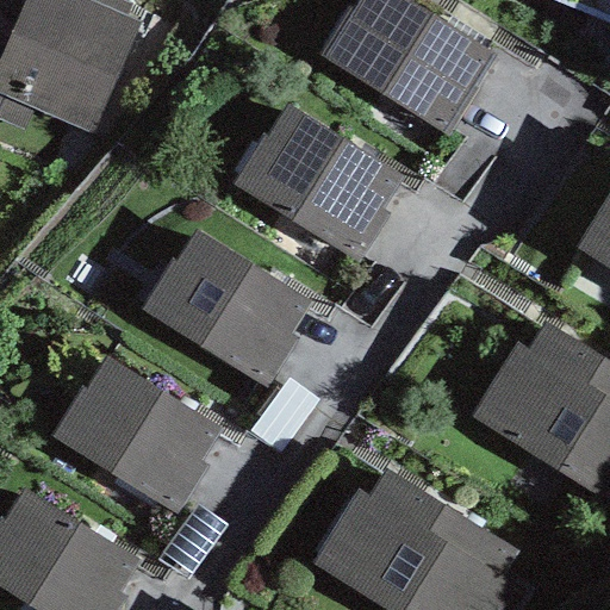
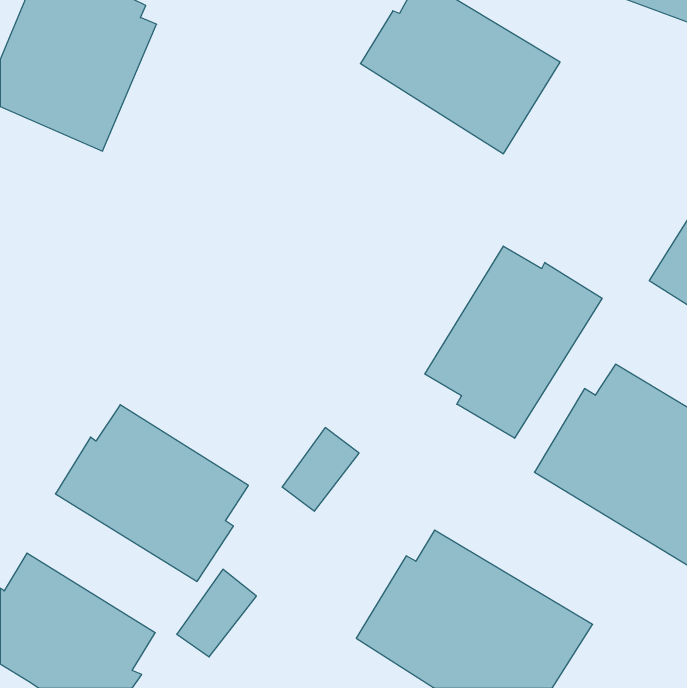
building: [232,105,400,262] -> none
building: none -> [425,246,602,438]
building: [143,229,310,388] -> none

